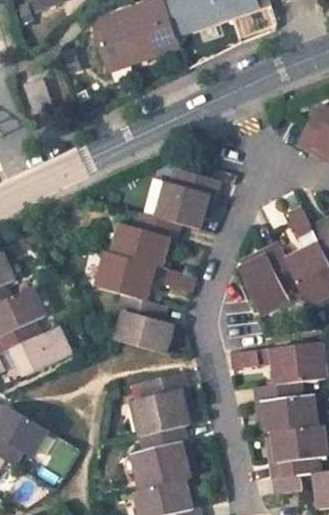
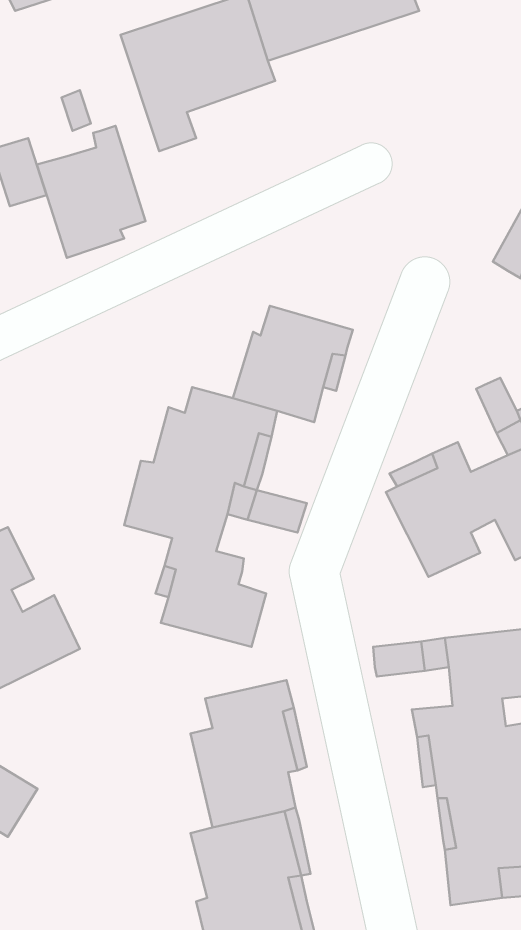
building: none -> [37,126,146,258]

